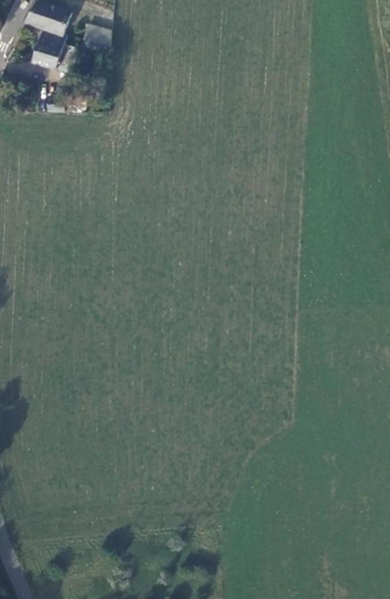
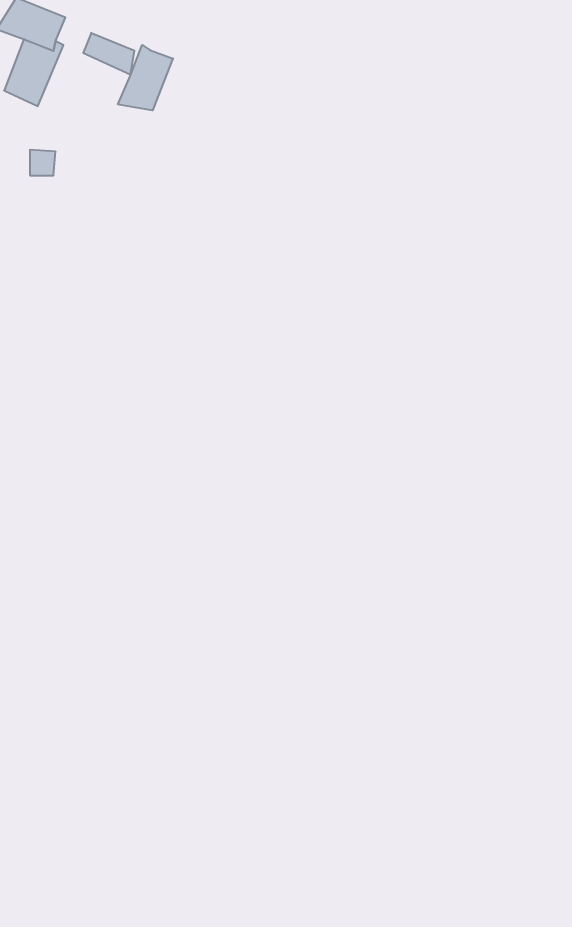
building: none -> [118,45,173,110]

